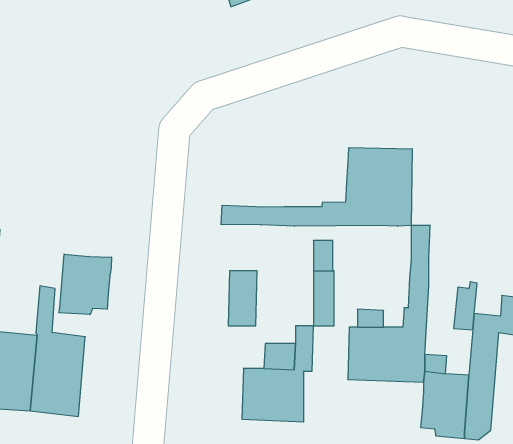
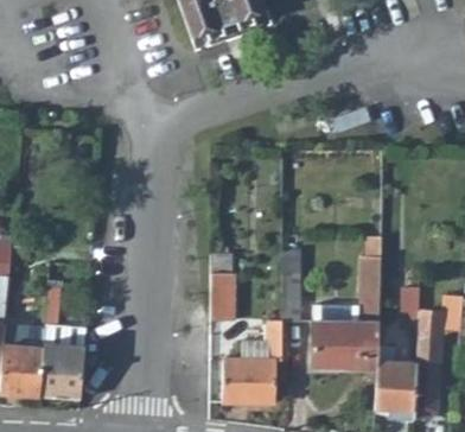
building: [221,148,412,226] -> none
building: [59,254,111,315] -> none

